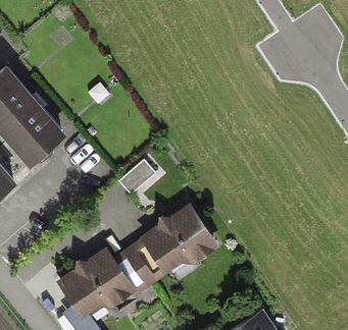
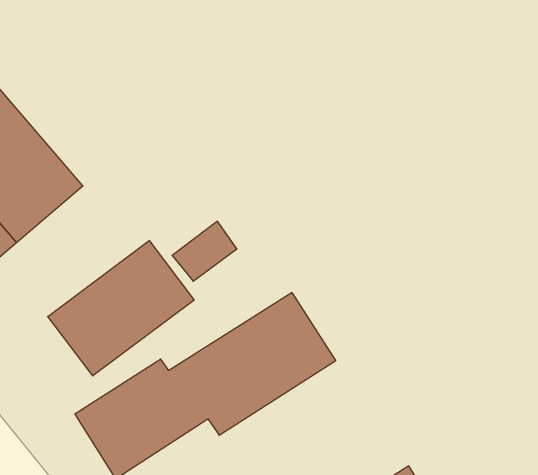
building: none -> [48,241,194,376]

